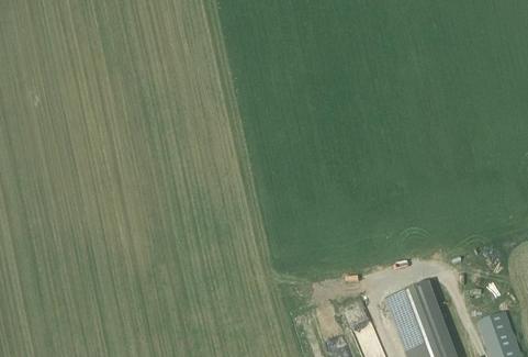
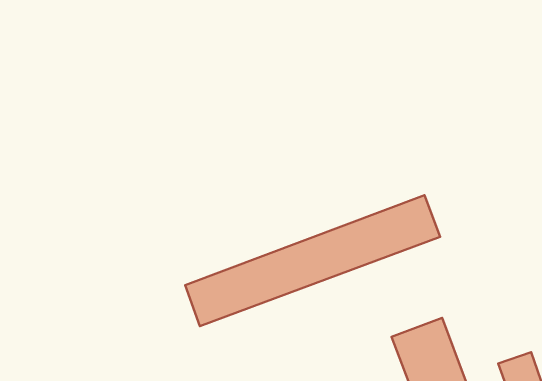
building: none -> [185,195,440,326]

